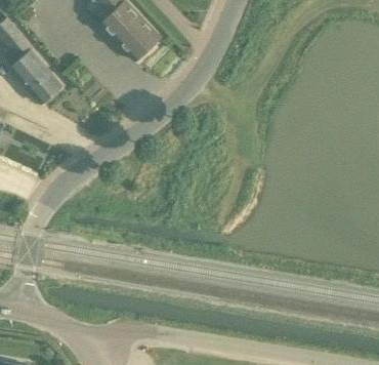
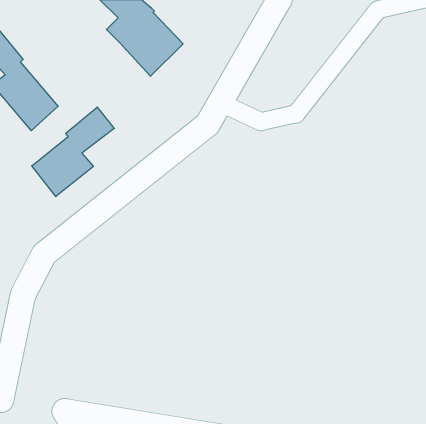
building: none -> [32,107,114,197]

